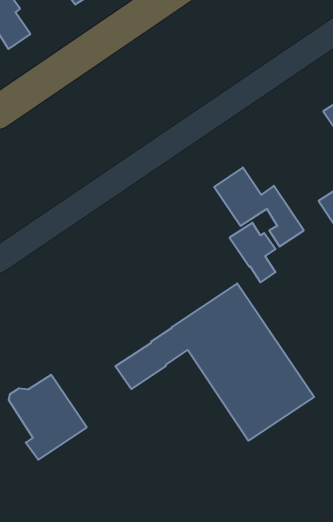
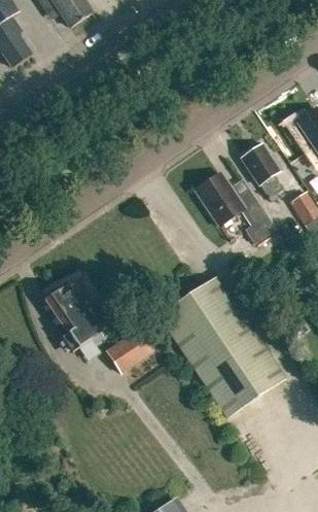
building: [230,223,276,282] -> [241,144,282,198]
building: [9,375,87,460] -> [45,275,115,351]

